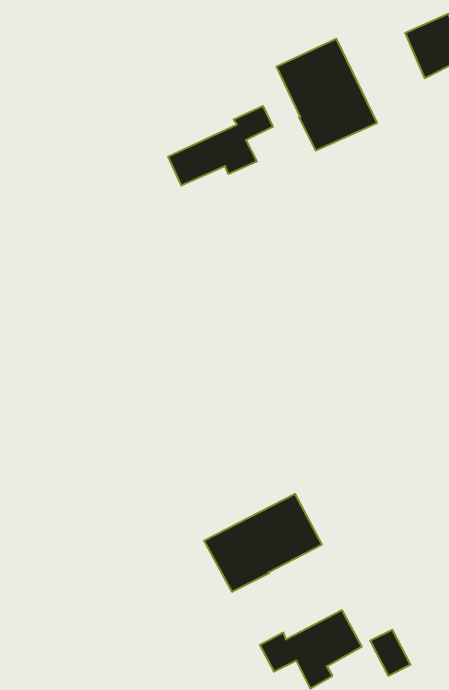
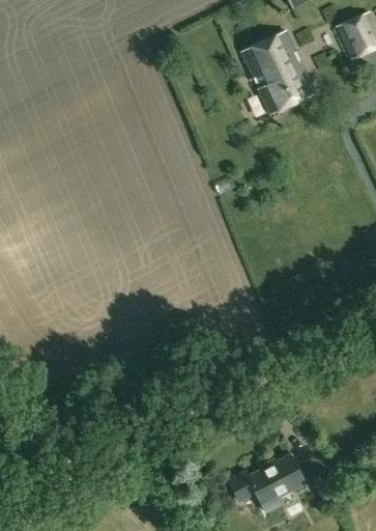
building: [168,106,273,186] -> none
building: [204,494,322,592] -> none

